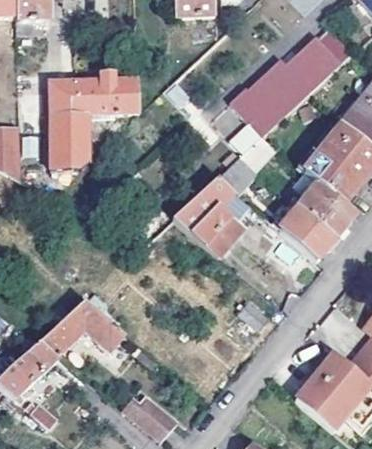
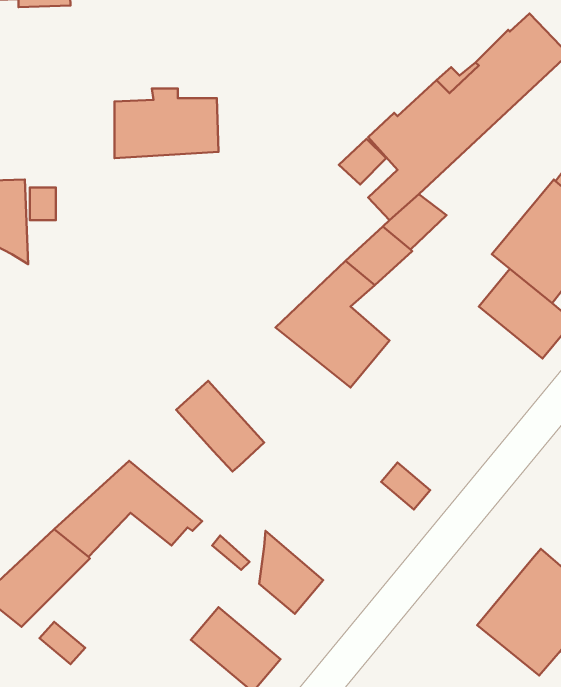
building: [48,79,74,169] -> none
building: [278,205,337,261] -> none
building: none -> [176,381,264,472]
building: none -> [259,531,323,614]

